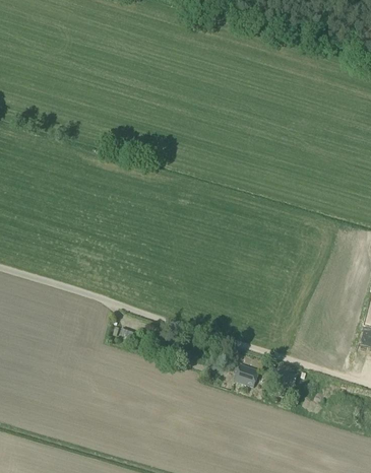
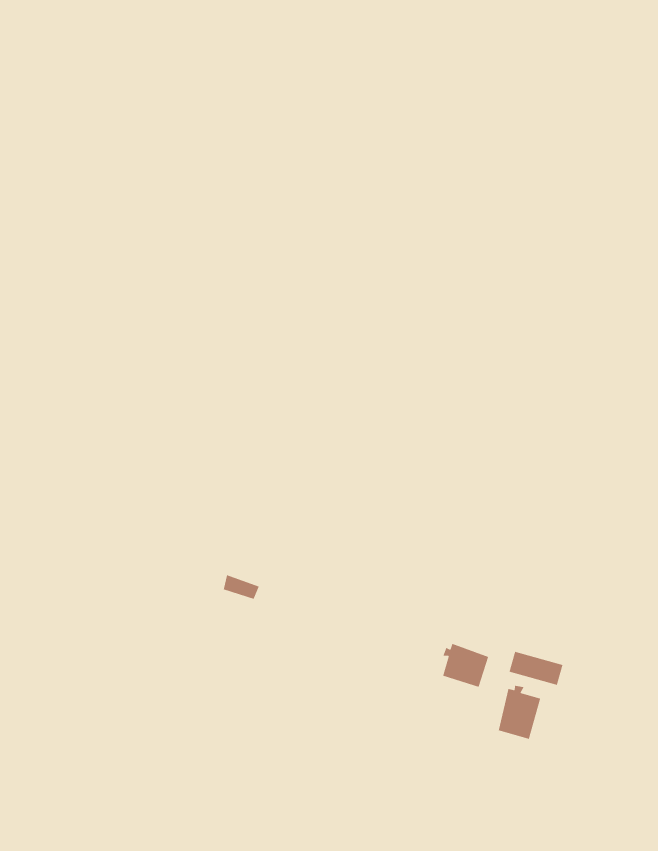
building: none -> [498,685,541,740]

